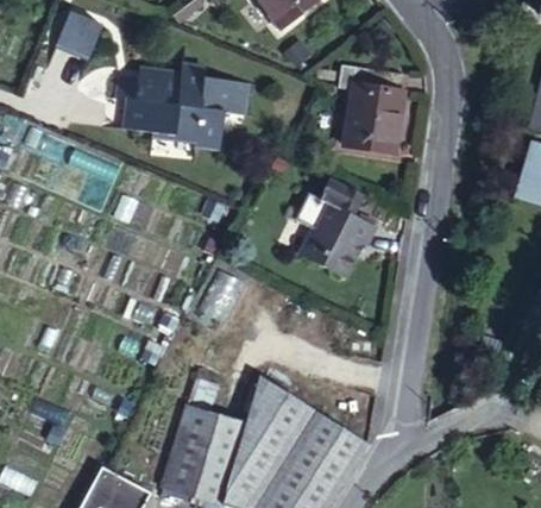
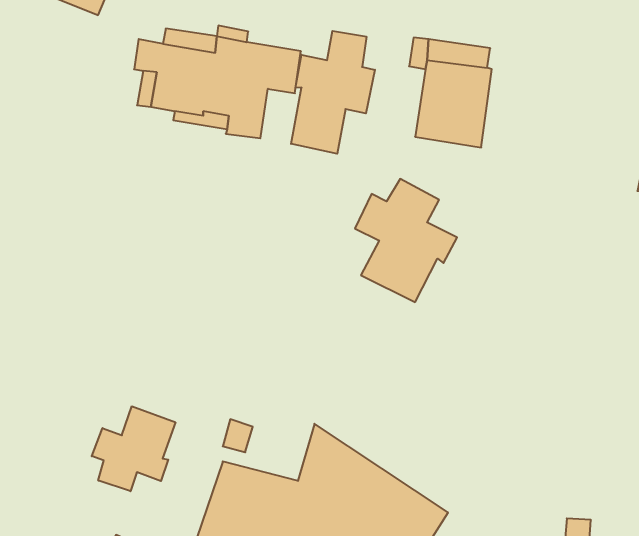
building: none -> [291,31,375,154]
building: none -> [92,406,175,491]

